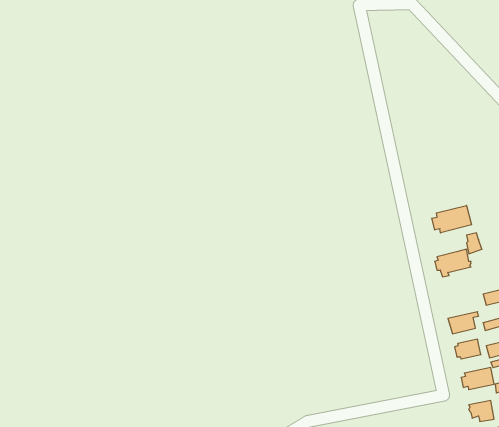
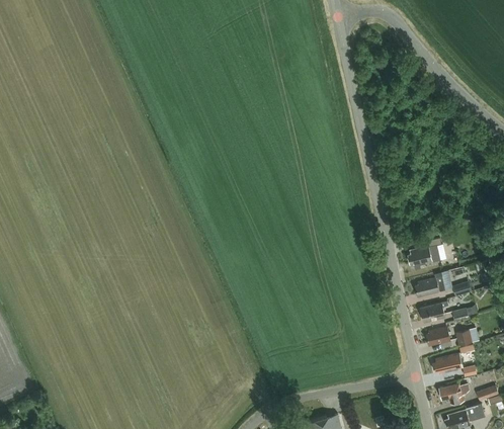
building: [432,205,472,233] -> none
building: none -> [415,276,445,296]

